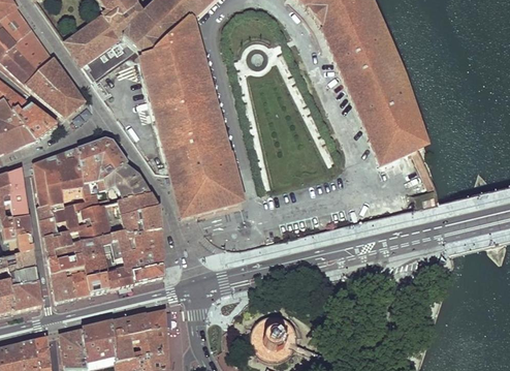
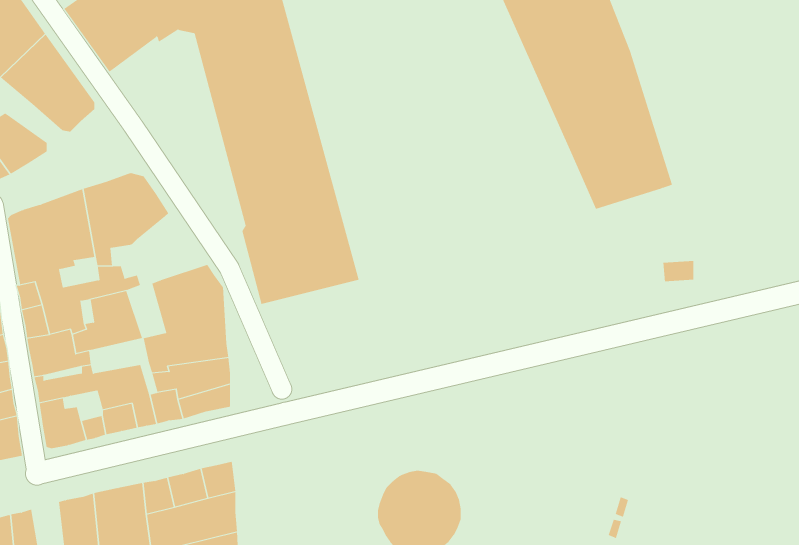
building: [109,164,151,202] -> none
building: [82,236,116,256] -> none

